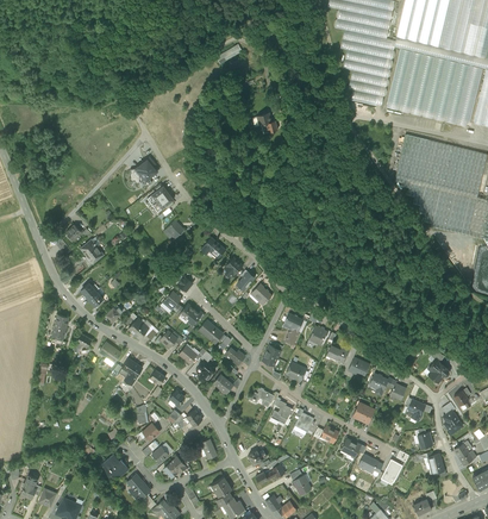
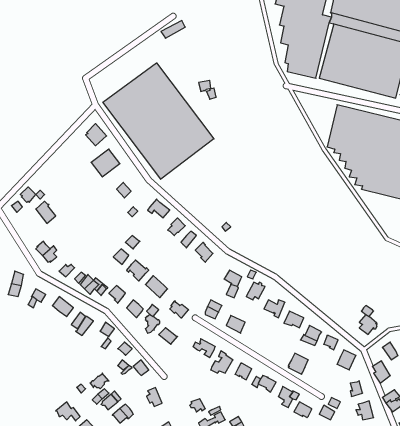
building: none -> [103,63,214,179]

